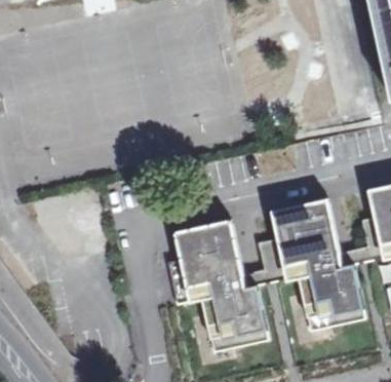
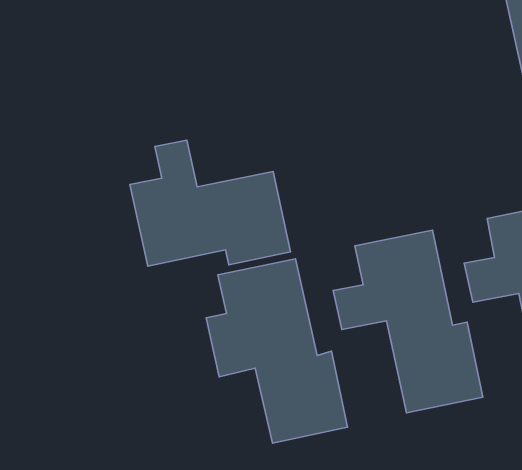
building: none -> [130,140,290,266]

